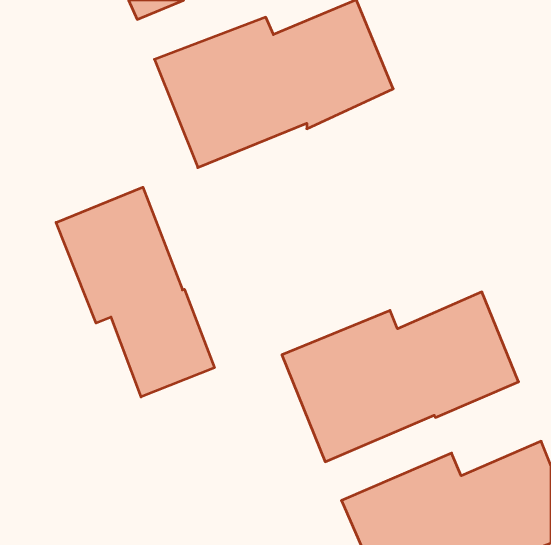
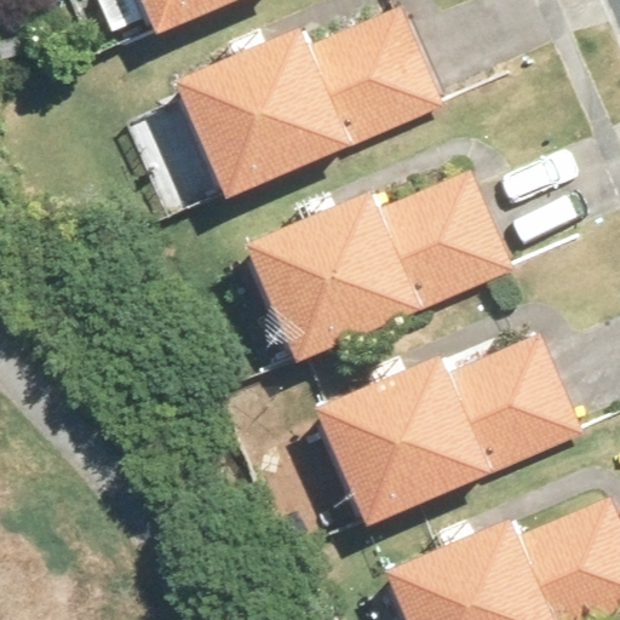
building: none -> [243,174,515,361]
building: [56,187,214,397] -> none

